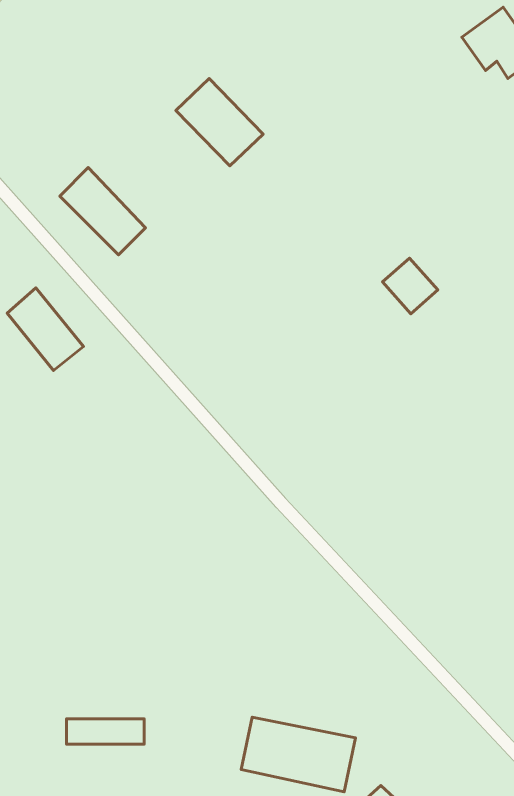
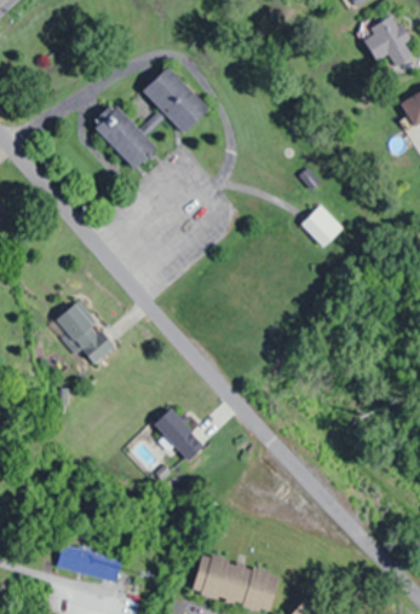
building: [60,167,145,255] -> [92,102,157,168]
building: [7,288,84,370] -> [57,300,115,363]
building: none -> [154,409,206,460]

